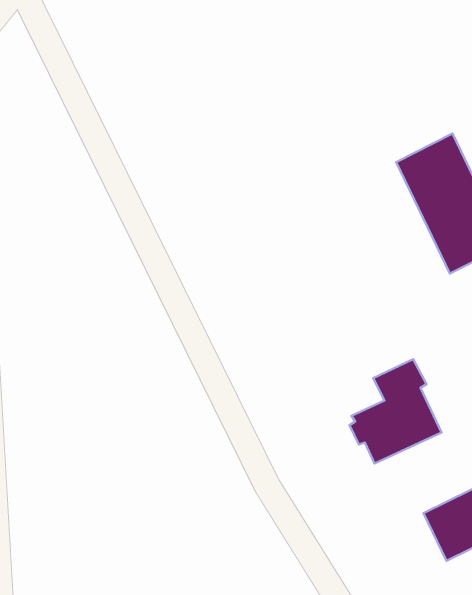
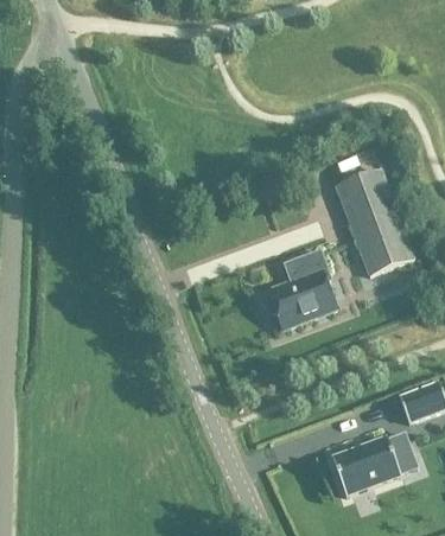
building: [349,359,442,463] -> [266,249,336,326]

